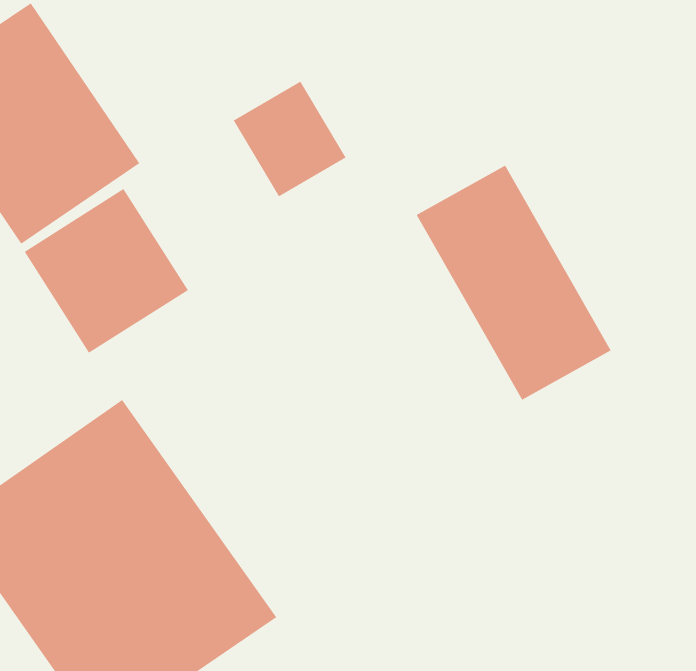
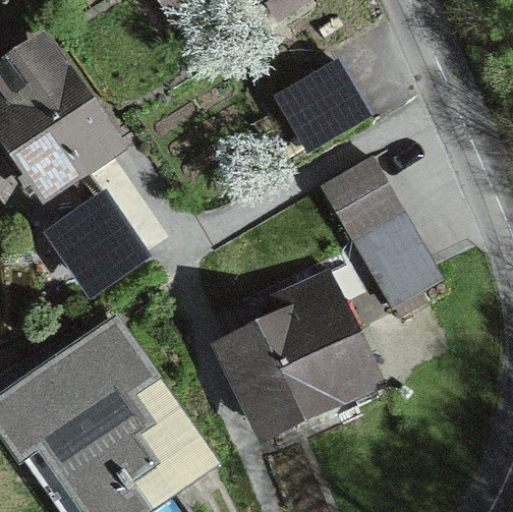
building: [233,81,346,197] -> [288,53,366,133]
building: none -> [214,261,388,451]

